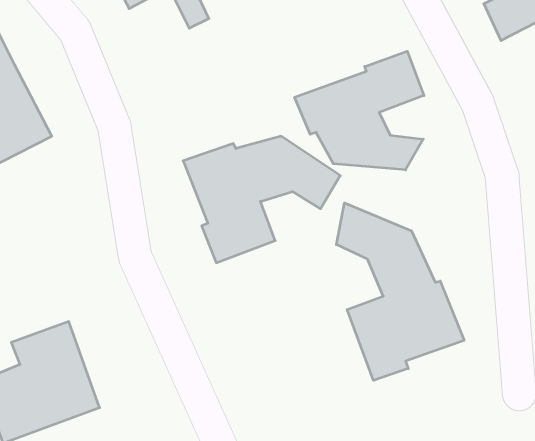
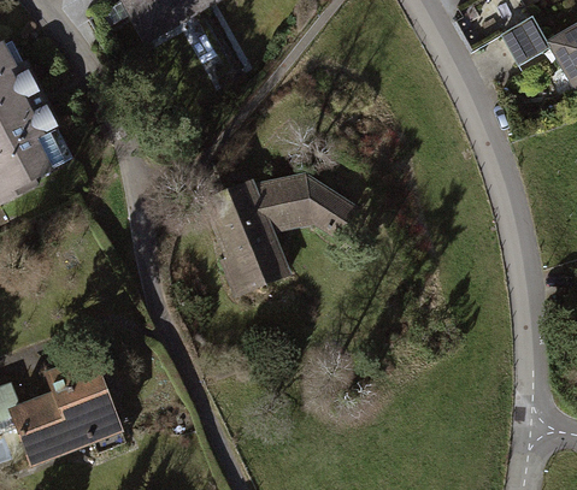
building: [295,51,424,170] -> none
building: [336,203,464,380] -> none

